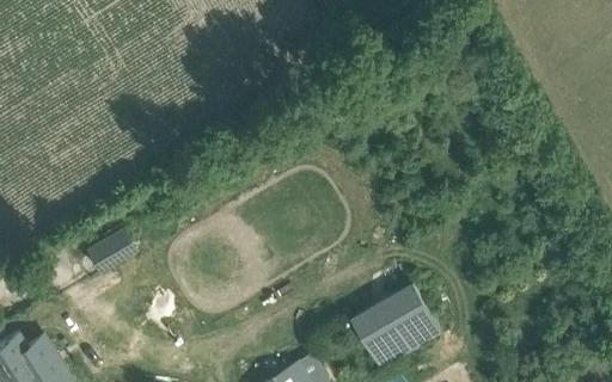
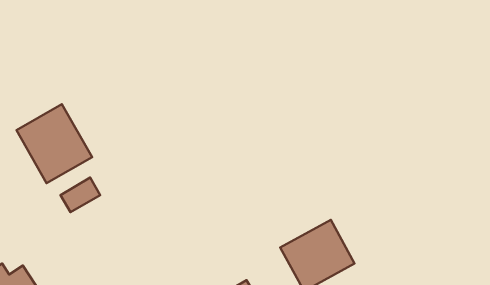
building: none -> [16,104,92,183]

